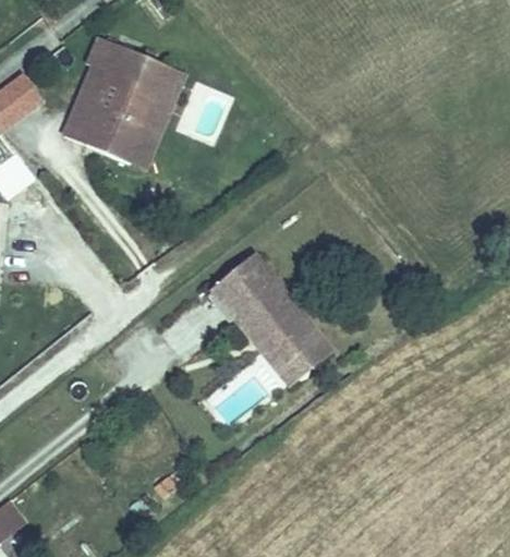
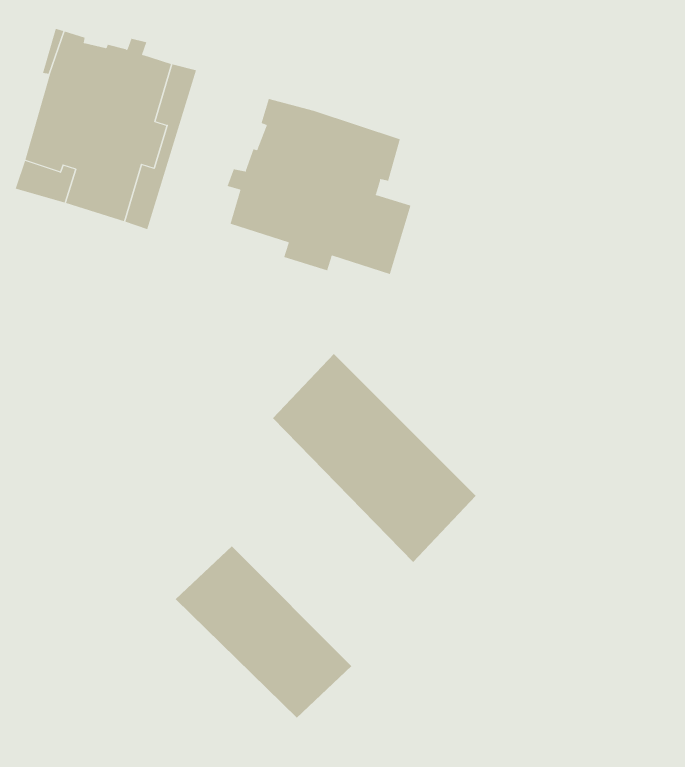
building: none -> [227,98,411,275]
building: none -> [175,545,352,718]

